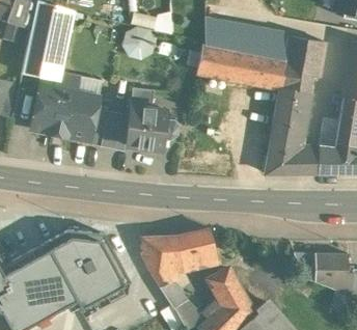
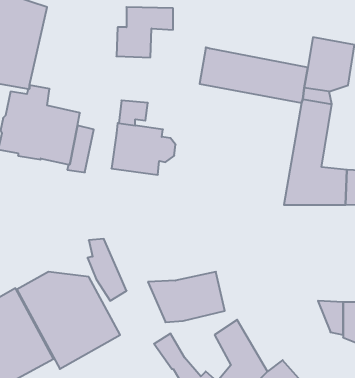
building: [204,21,290,60] -> none
building: [102,111,128,150] -> none
building: [140,237,172,287] -> [87,239,127,301]

